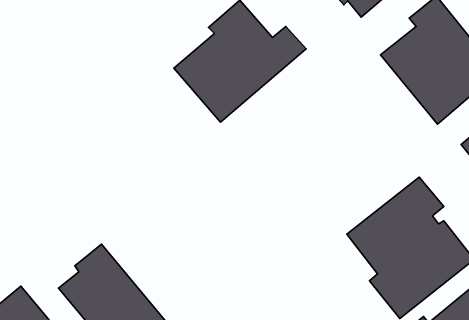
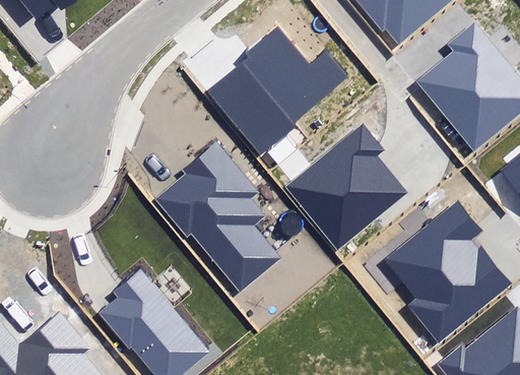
building: none -> [285,123,408,250]
building: none -> [153,142,279,292]

